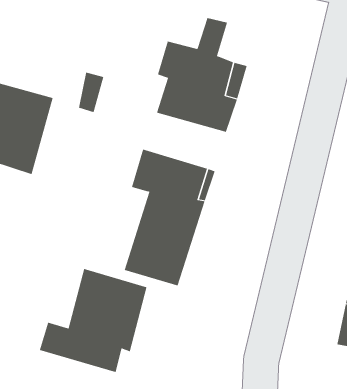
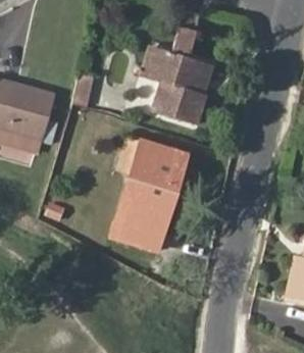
building: [39,268,147,373] -> none

